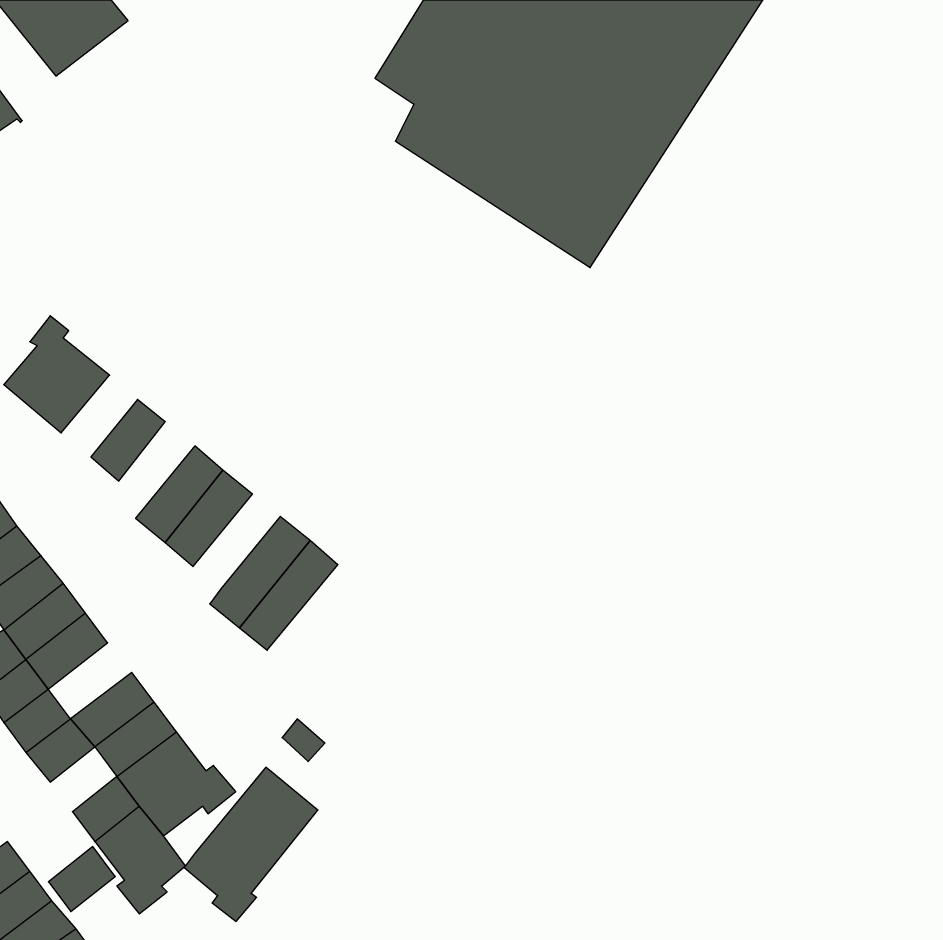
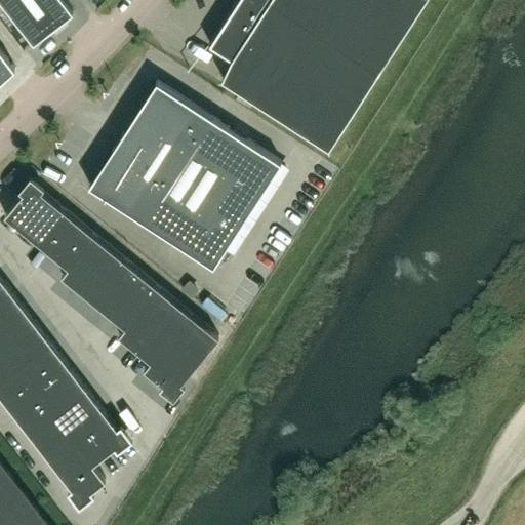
building: none -> [86,84,279,270]
building: none -> [34,212,76,257]
building: none -> [58,238,108,291]
building: none -> [107,278,155,330]
building: none -> [27,360,73,402]
building: [184,767,318,921] -> [142,317,215,402]
building: [48,847,115,912] -> [28,417,65,453]

